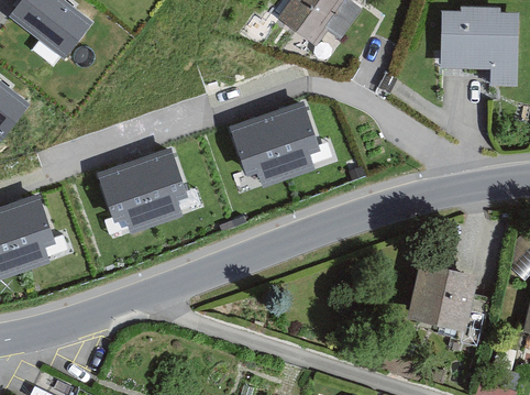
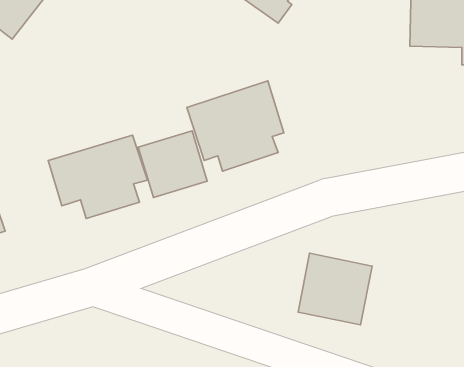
building: none -> [138,131,207,198]
building: [408,263,478,331] -> [298,253,372,325]

